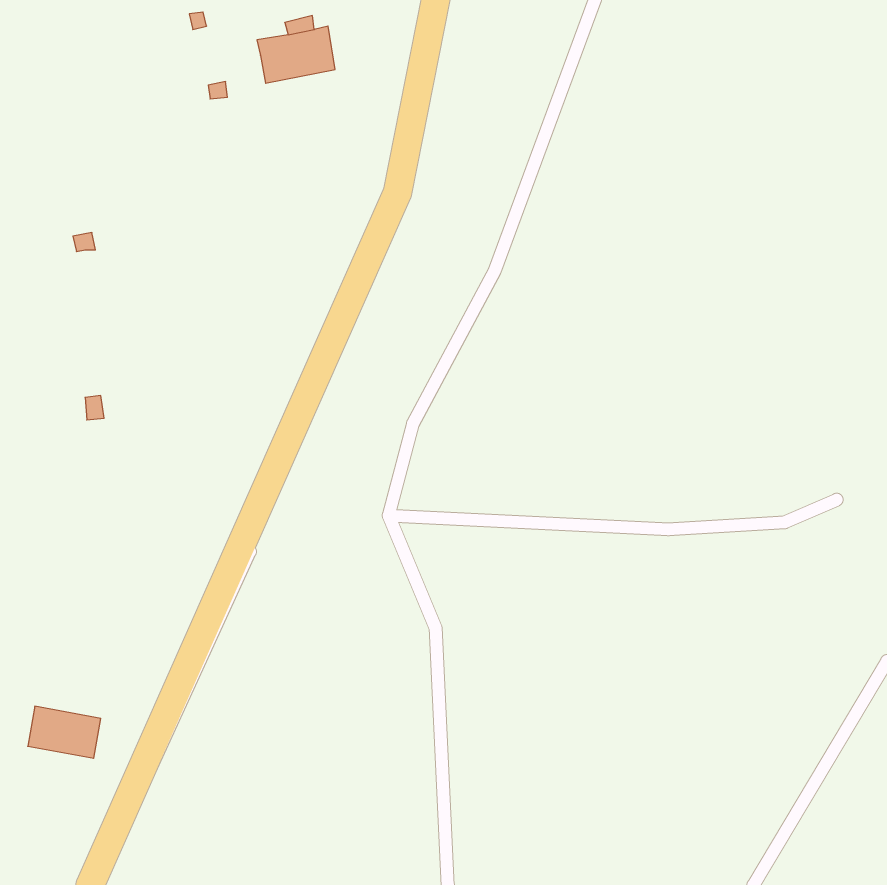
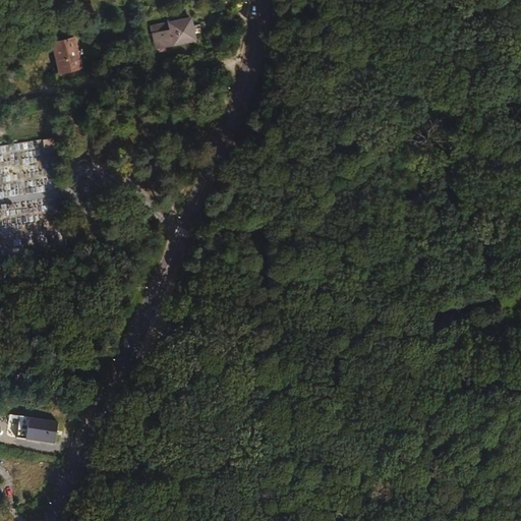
building: none -> [51,36,83,75]

